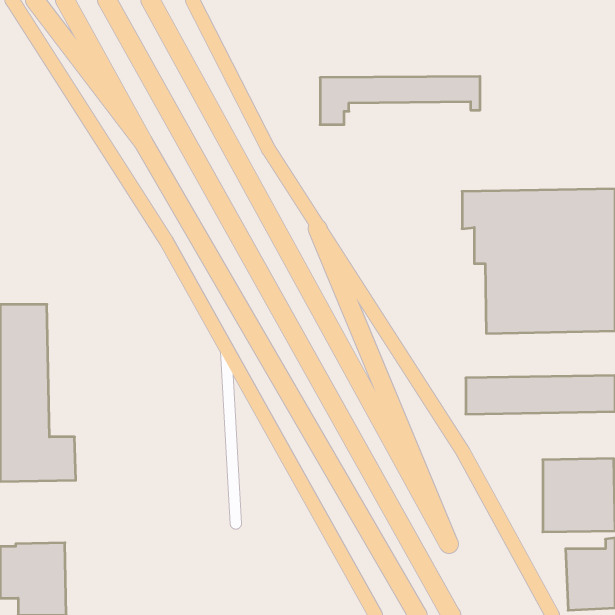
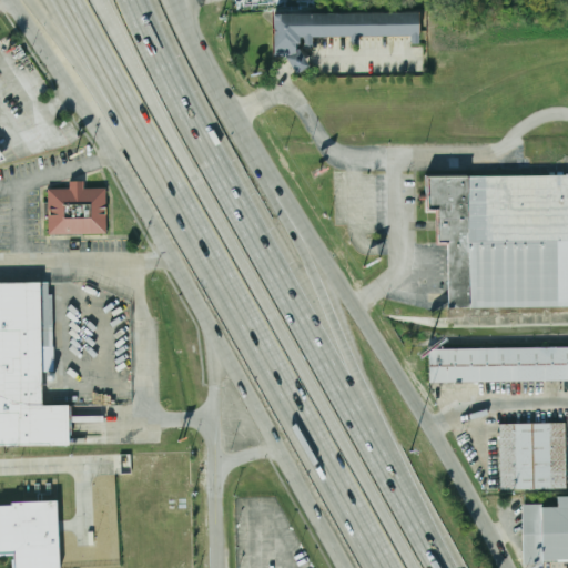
building: [320,76,480,125] -> [272,13,419,58]
building: none -> [48,190,105,234]

